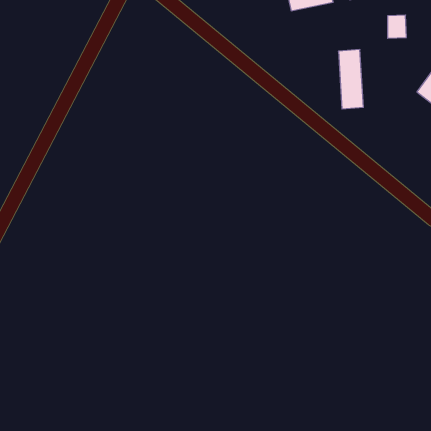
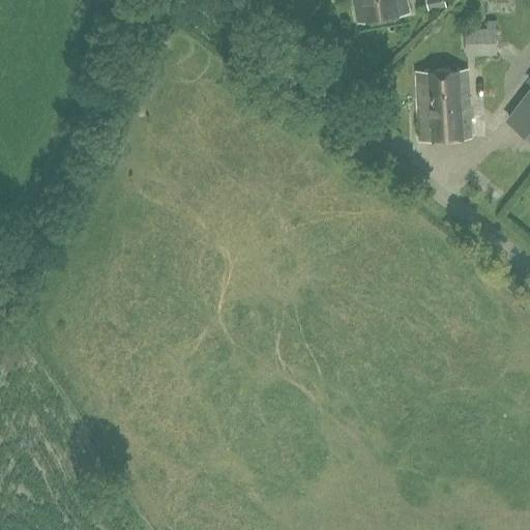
building: none -> [441,68,471,139]

